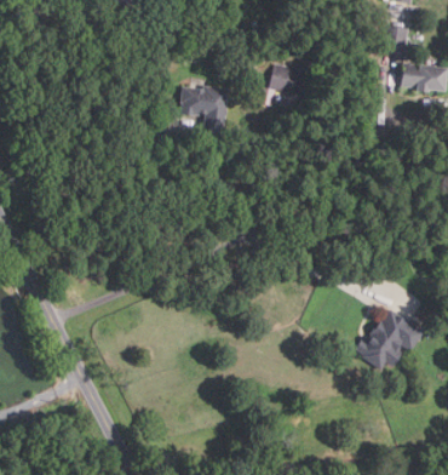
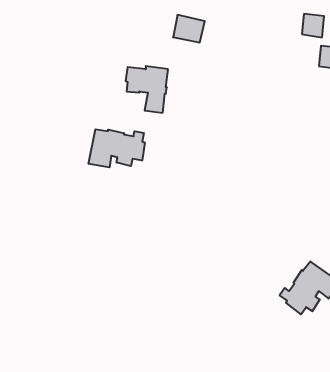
building: [266,63,303,95] -> [173,15,205,43]
building: none -> [89,129,145,167]

